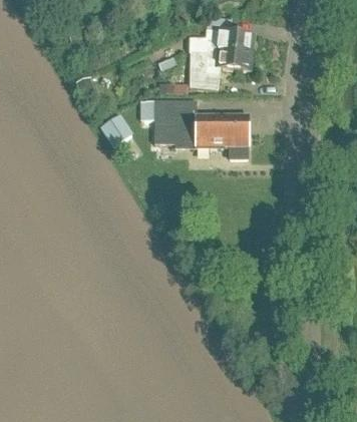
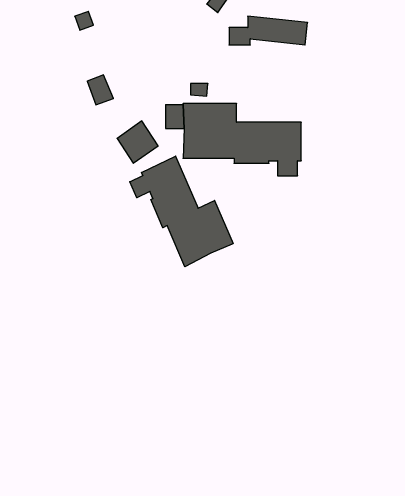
building: [190,47,253,89] -> none
building: none -> [130,156,233,267]

